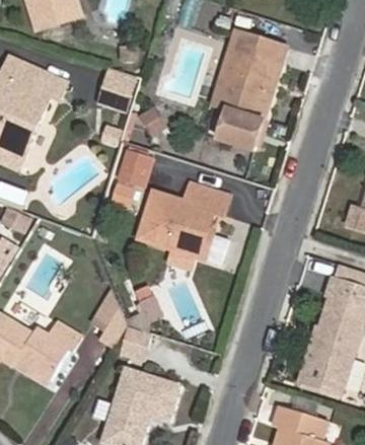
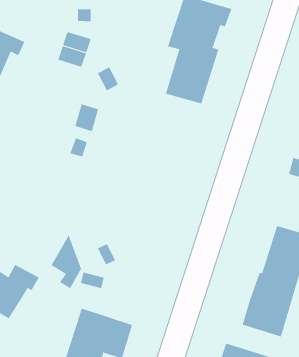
building: [137,181,228,258] -> none

